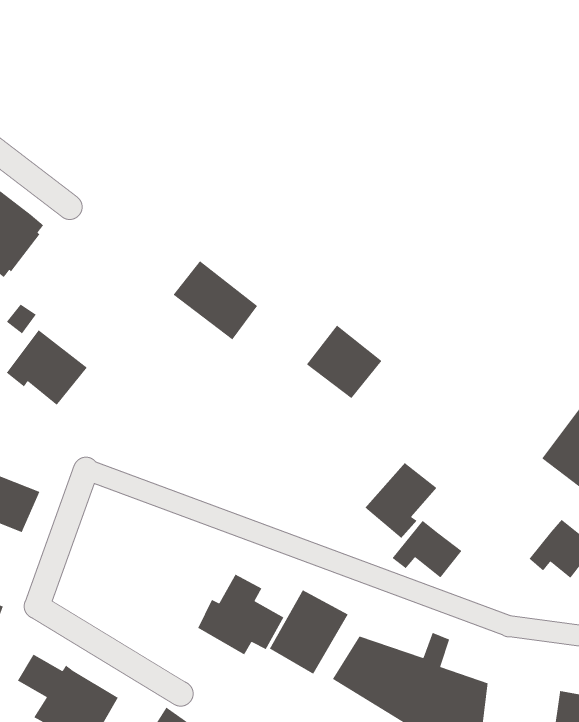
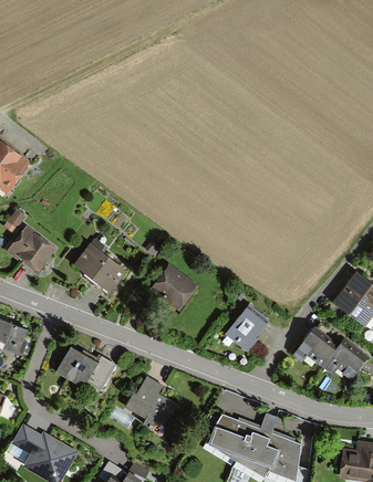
building: [172,260,258,340] -> [73,247,125,295]
building: [306,325,382,399] -> [151,266,197,312]
building: [391,520,462,578] -> [294,332,338,367]
building: none -> [56,345,115,388]
building: [269,589,349,675] -> none

